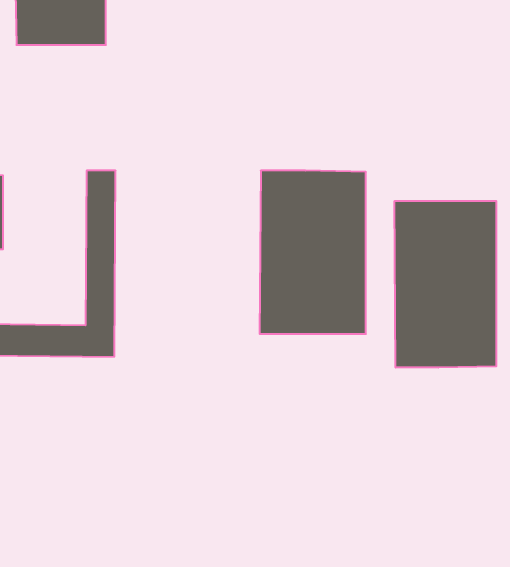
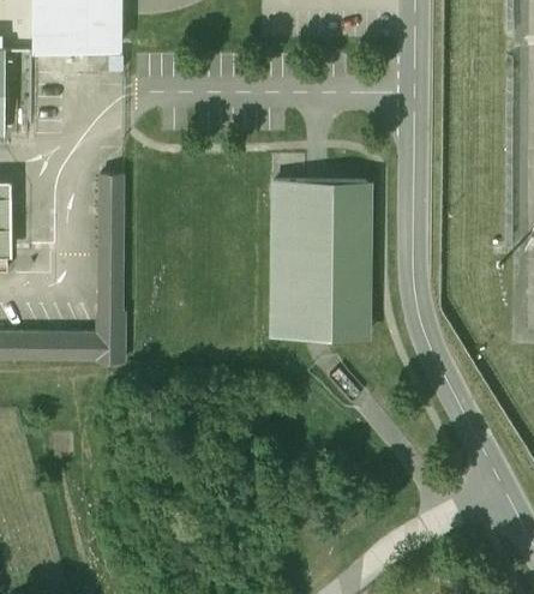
building: [395,201,496,368] -> none

